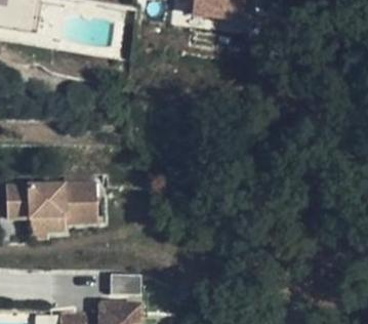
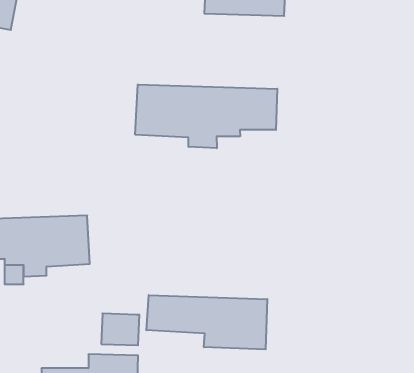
building: none -> [135,84,277,148]
building: none -> [146,295,267,349]

